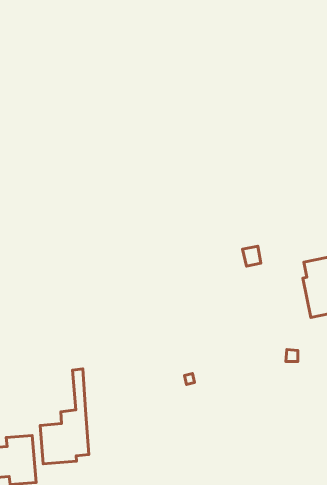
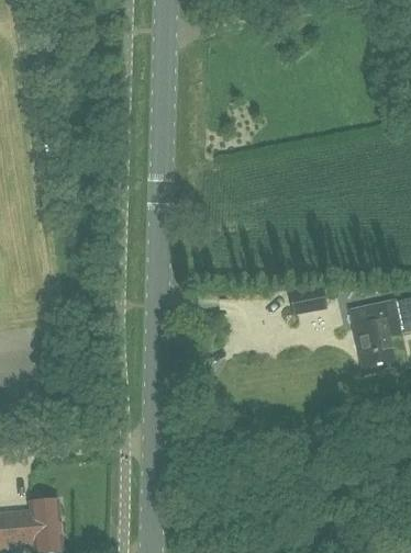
building: [40,369,89,464] -> none

